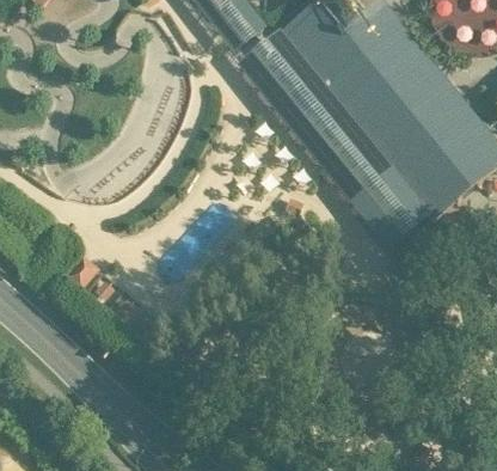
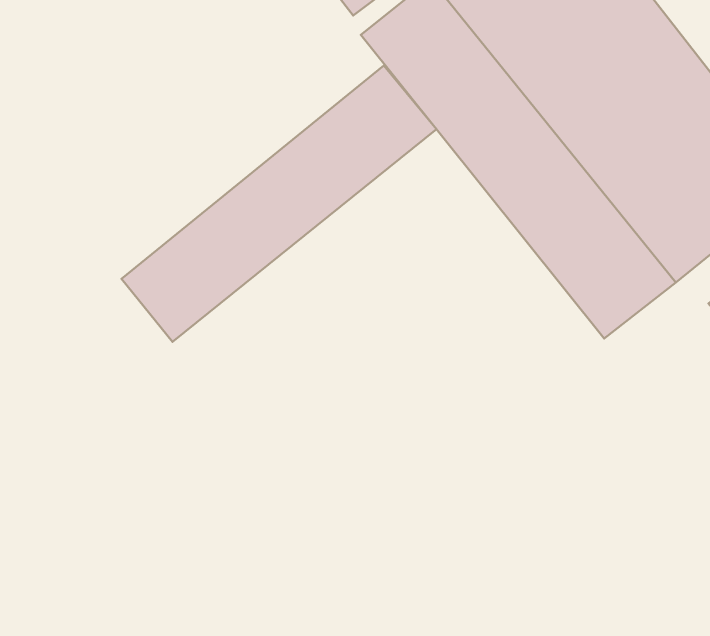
building: none -> [121,66,436,342]

